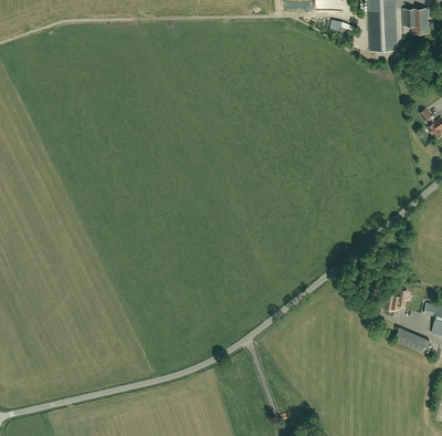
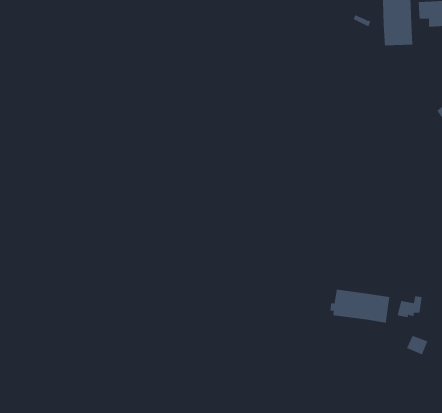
building: none -> [330,289,390,323]

